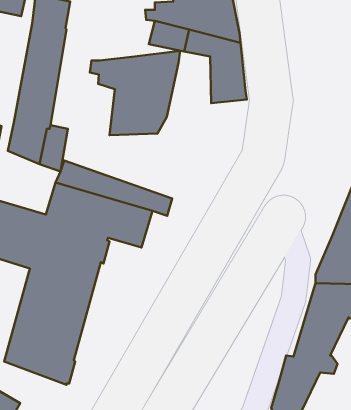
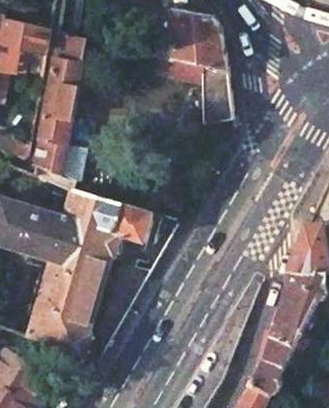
building: [90,51,180,135] -> none

